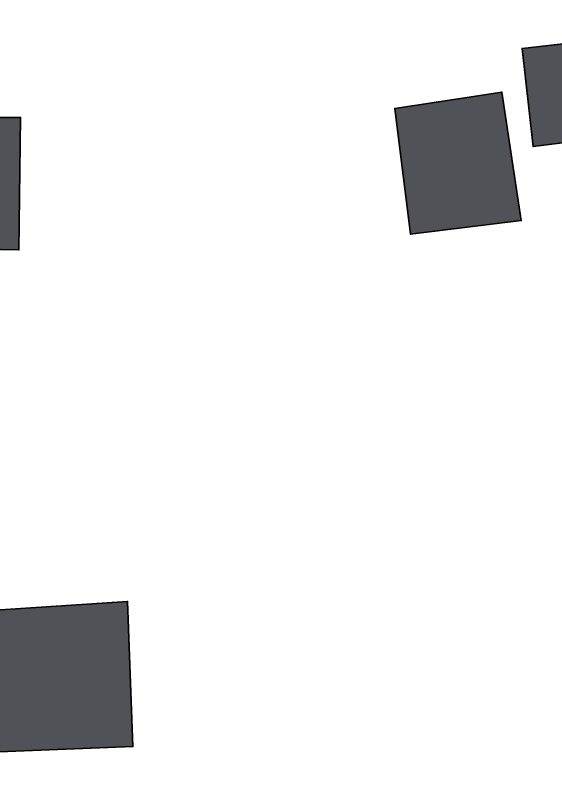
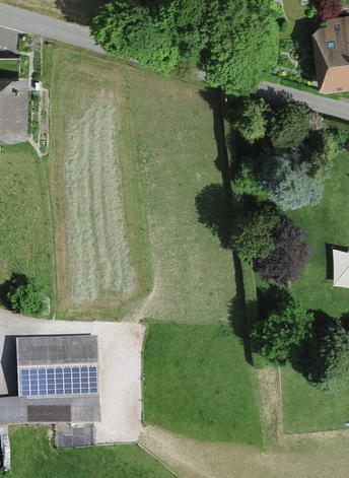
building: [395,92,521,234] -> none

